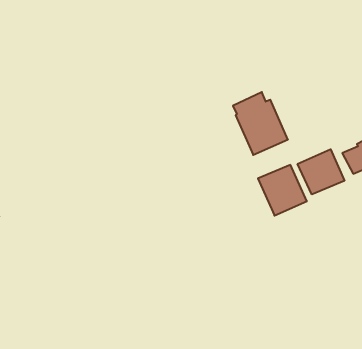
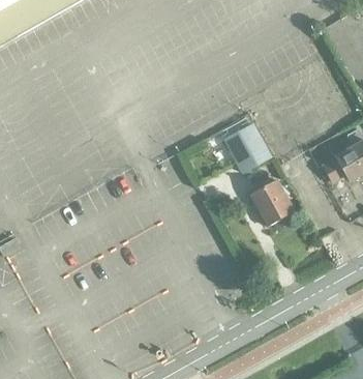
building: [298,149,344,194] -> none

